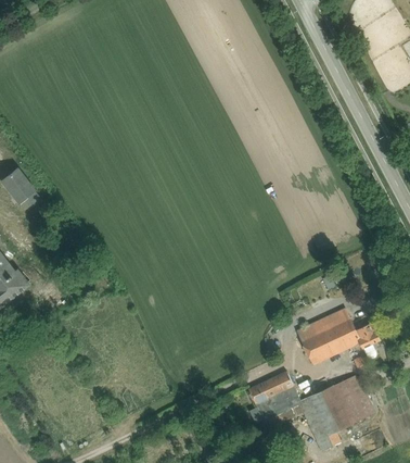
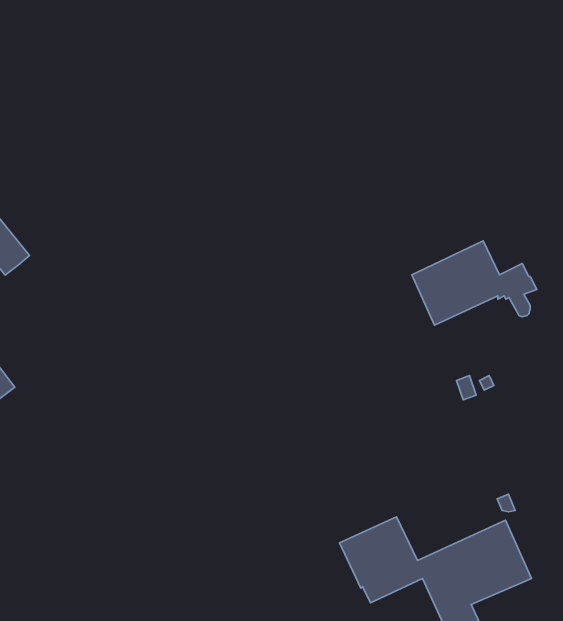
building: [296,308,380,364] -> [412,241,537,325]

